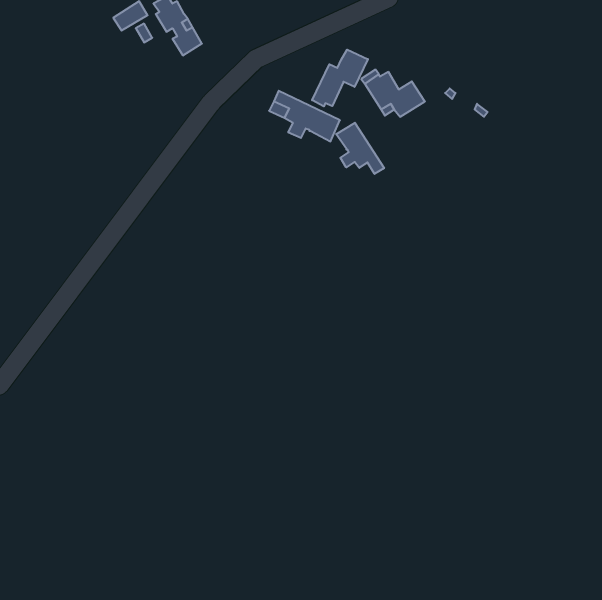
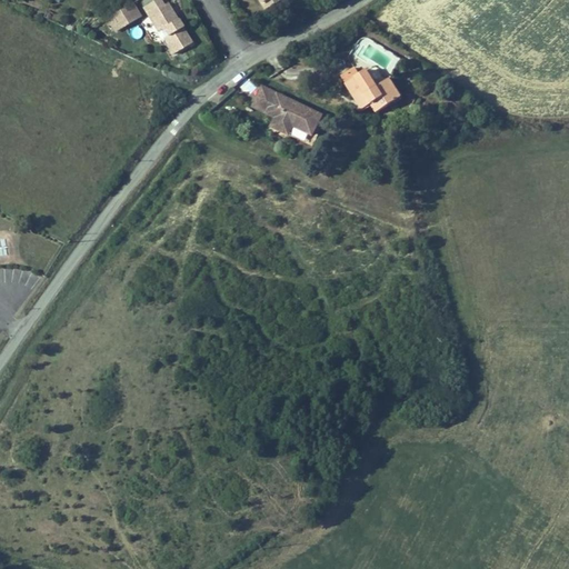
building: [312,50,368,106] -> none
building: [336,123,384,174] -> none

